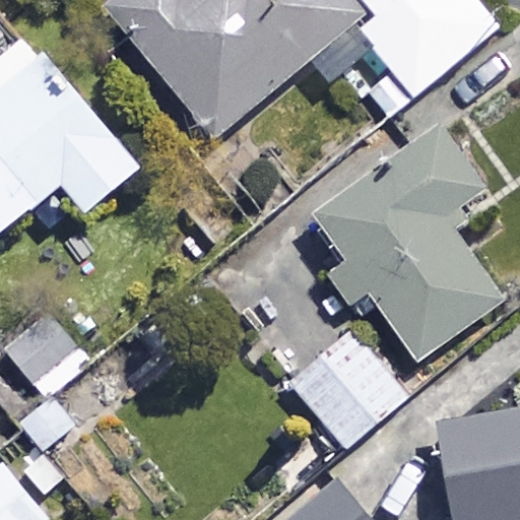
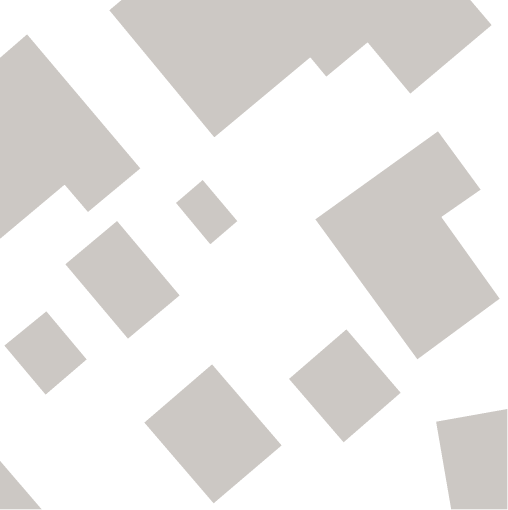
building: none -> [64,220,181,340]
building: none -> [143,363,283,505]

